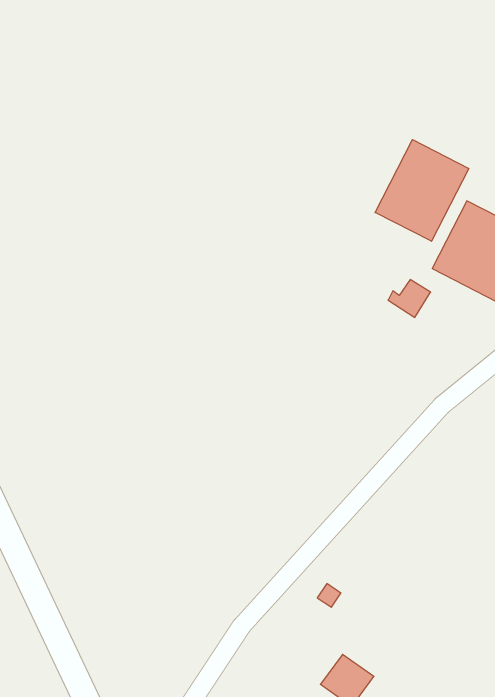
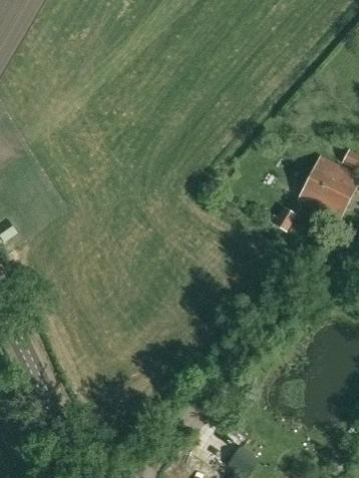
building: [375,140,469,241] -> none

